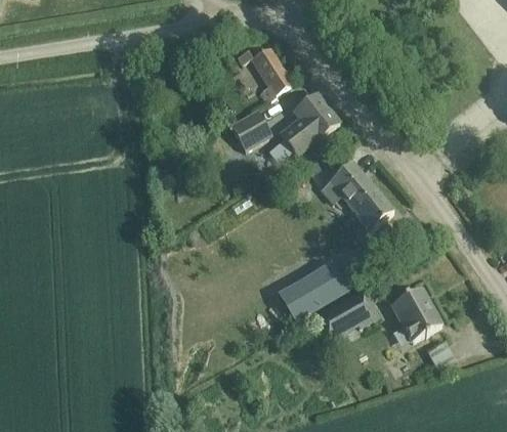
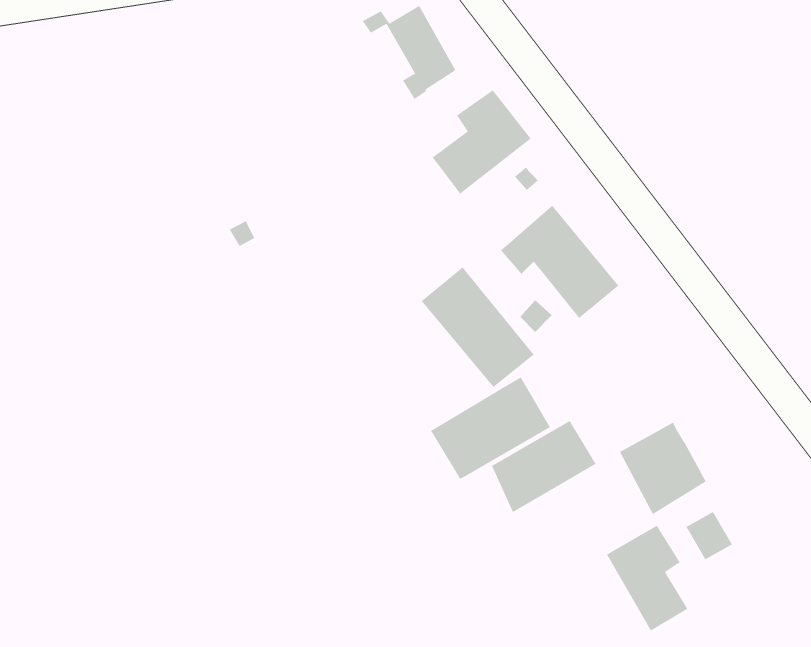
building: [231,109,272,148] -> none
building: none -> [421,267,535,388]
building: none -> [606,525,688,631]

